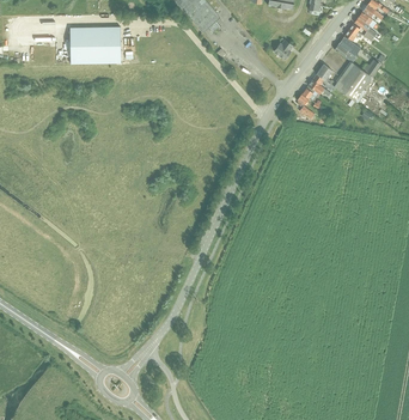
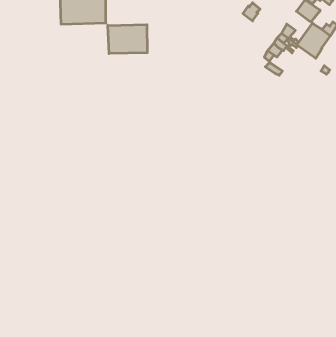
building: none -> [108,25,147,54]

